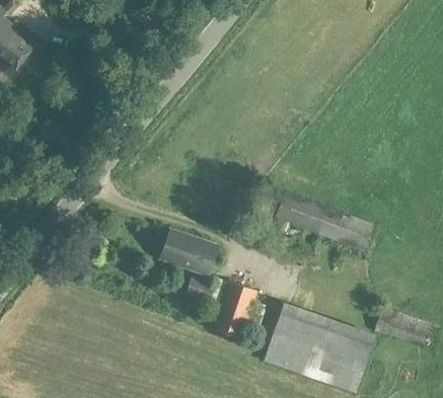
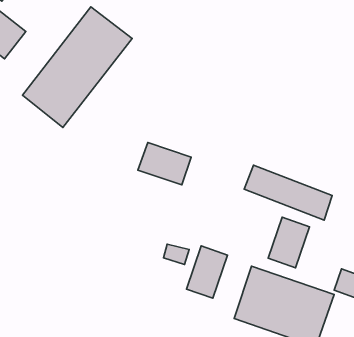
building: none -> [22,7,132,128]
building: [159,229,218,275] -> [138,143,191,185]
building: none -> [268,217,310,268]

